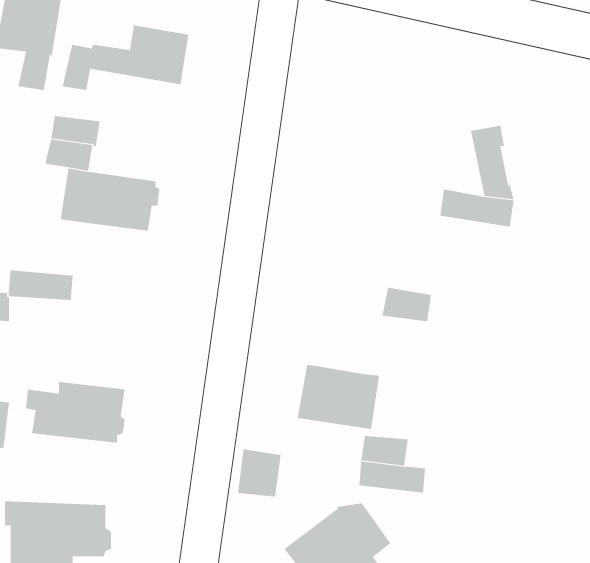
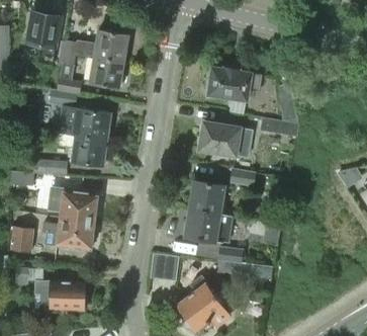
building: none -> [89,57,124,88]
building: none -> [205,65,261,100]
building: none -> [198,121,247,157]
building: none -> [71,135,107,166]
building: none -> [189,180,223,214]
building: none -> [43,187,99,222]

